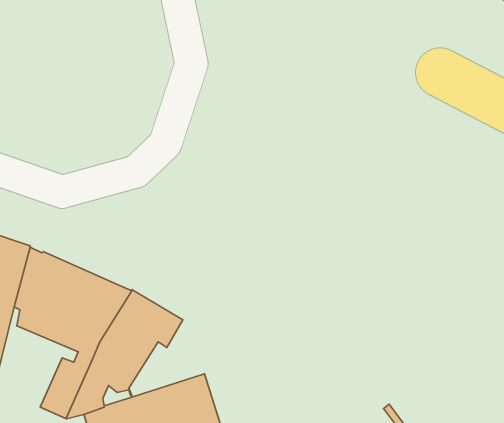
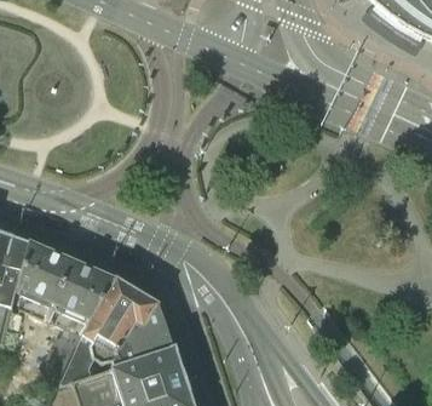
building: none -> [111,302,174,366]

